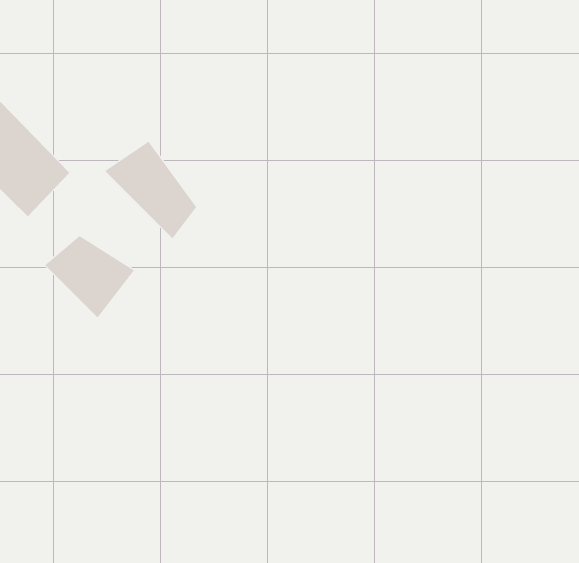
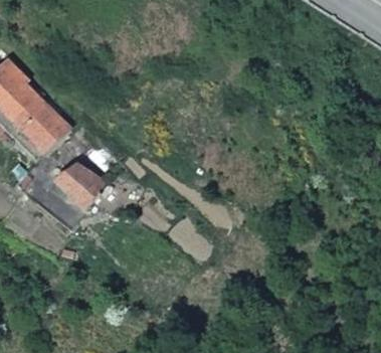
building: [104,141,197,239] -> none

